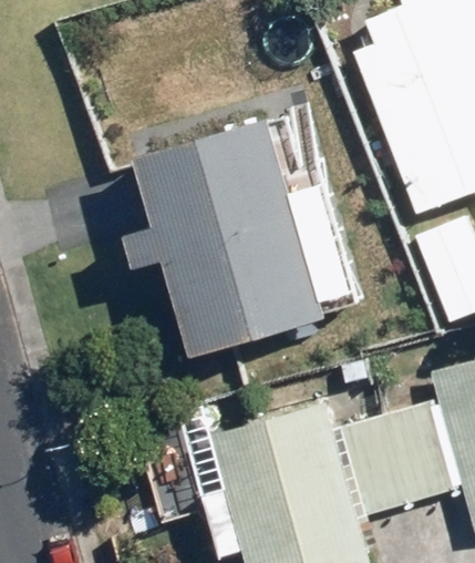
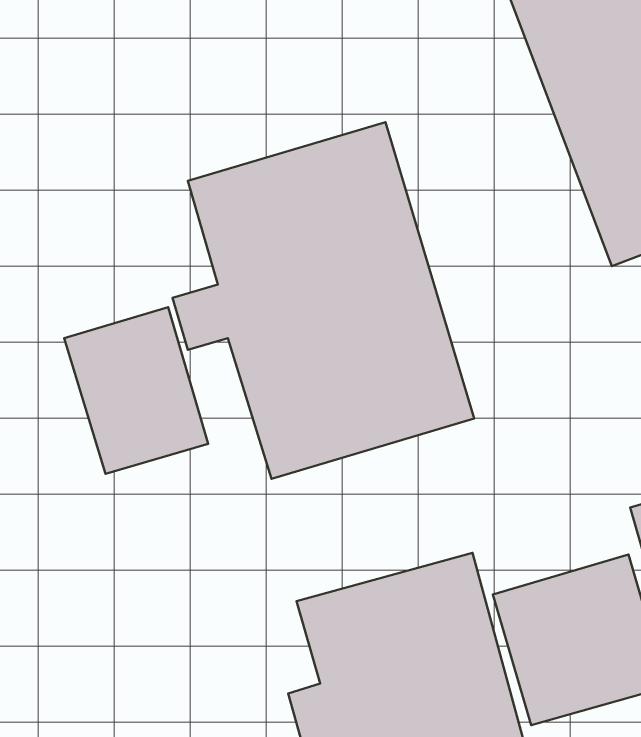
building: none -> [64,307,208,474]

